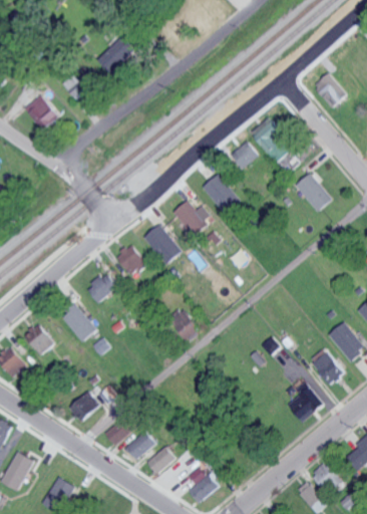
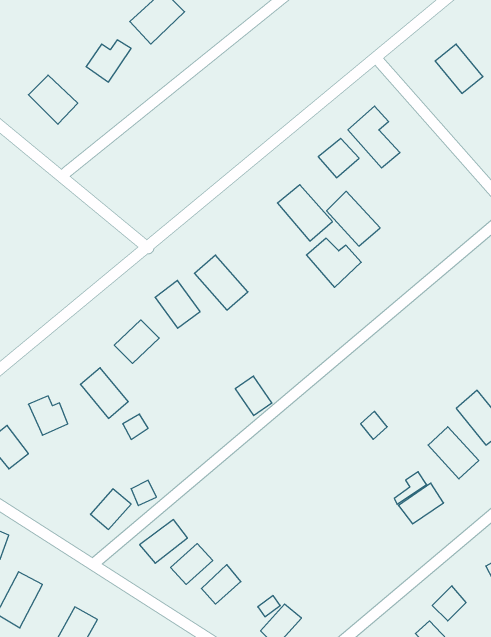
building: [296,174,334,213] -> [327,191,380,246]
building: [173,201,213,236] -> [306,238,361,287]

